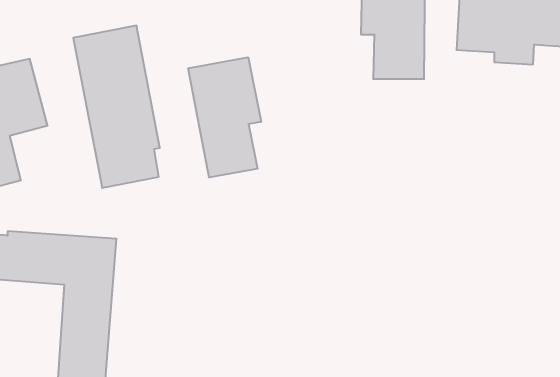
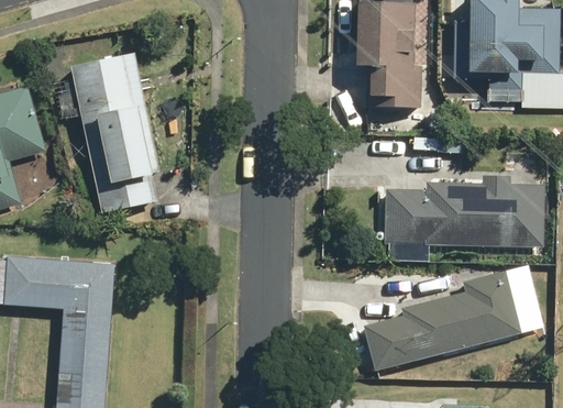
building: [188,57,261,178] -> none
building: none -> [385,176,543,246]
building: none -> [362,265,543,371]

